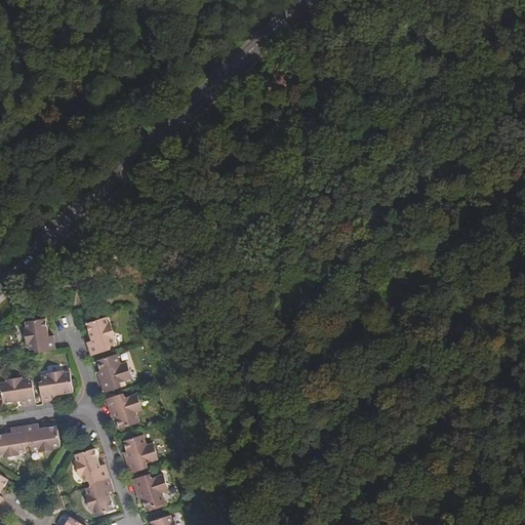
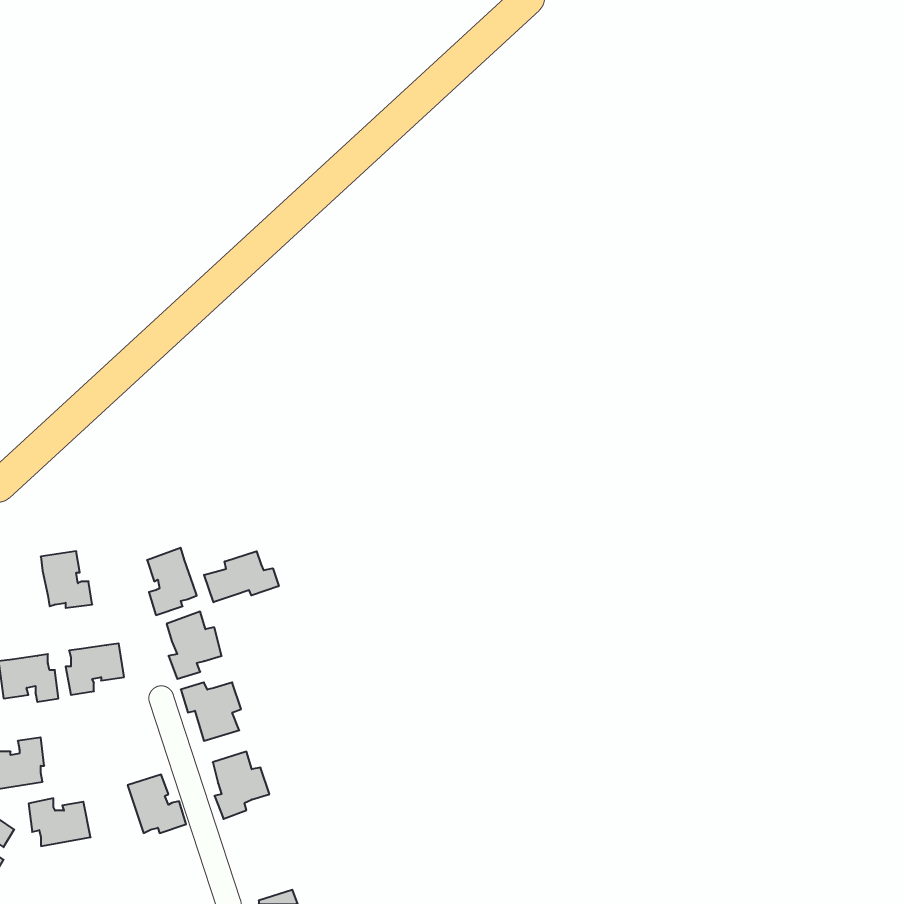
building: none -> [204,551,279,602]
building: [24,423,59,451] -> [29,798,91,846]
building: [130,475,166,510] -> none
building: [85,477,114,515] -> none

